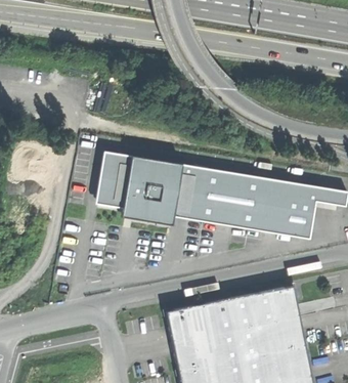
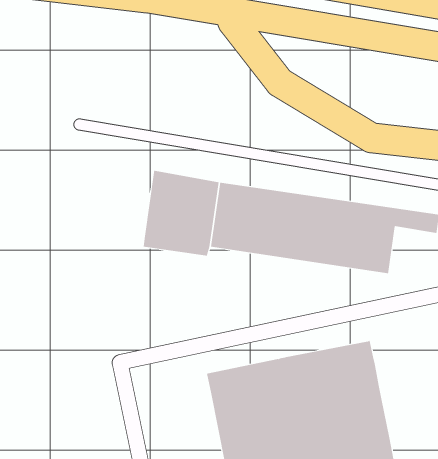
building: [95,153,129,207] -> none

